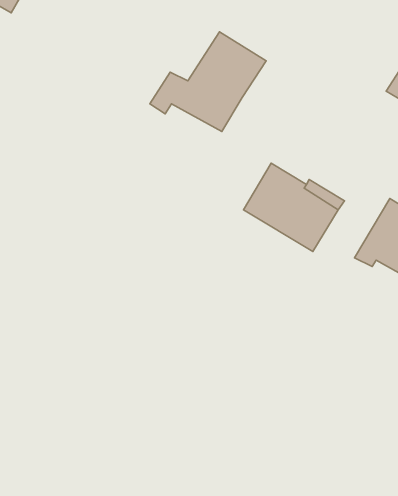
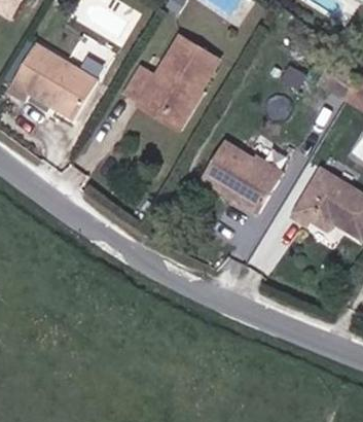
building: none -> [8,45,97,121]
building: none -> [135,86,204,130]

